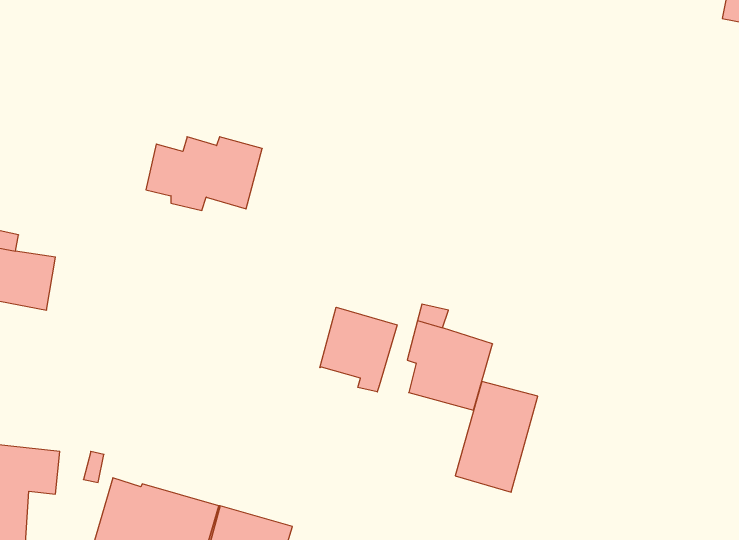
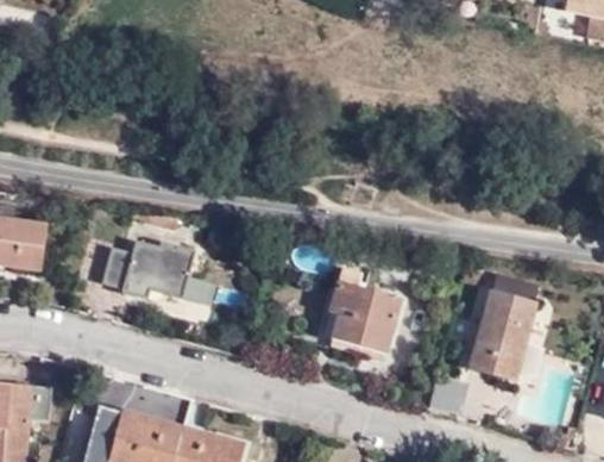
building: [146,137,262,210] -> [105,238,199,298]
building: [320,307,397,392] -> none
building: [455,382,538,492] -> [468,292,535,381]

